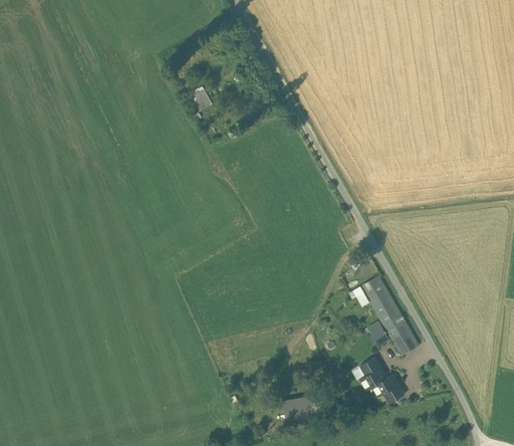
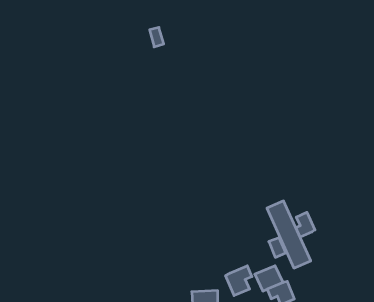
building: none -> [296,212,315,237]
building: none -> [226,266,252,296]

